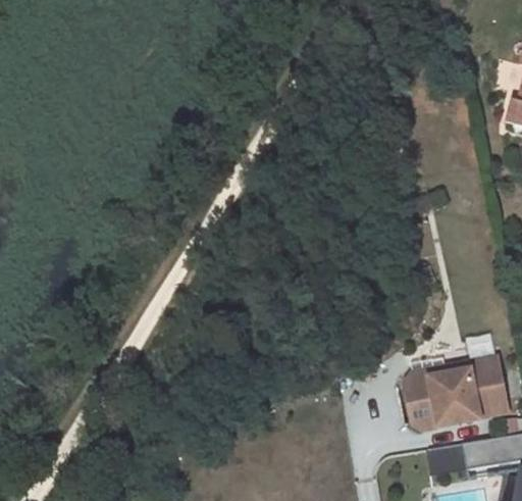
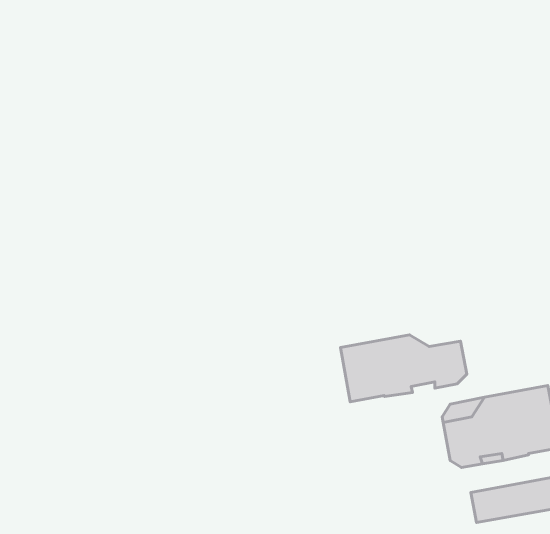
building: none -> [341,335,467,402]

